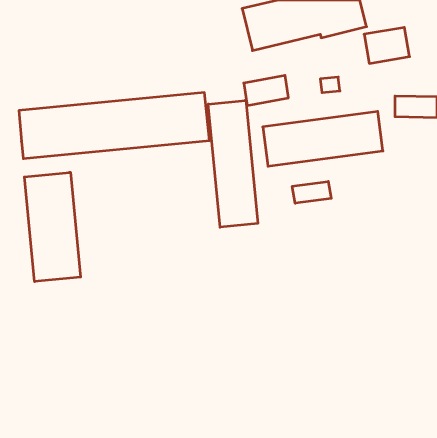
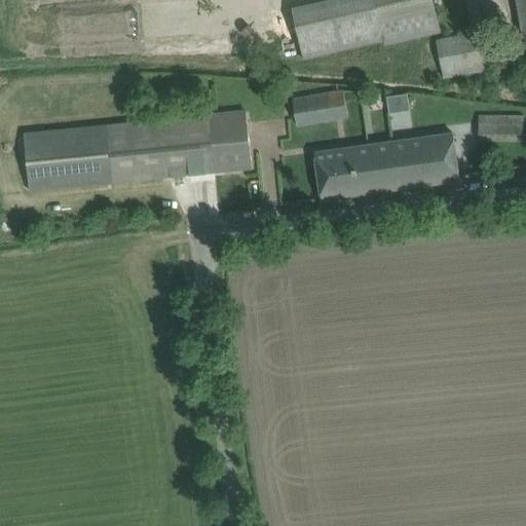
building: [208,100,258,227] -> none
building: [24,172,81,282] -> none
building: [292,181,331,203] -> none

